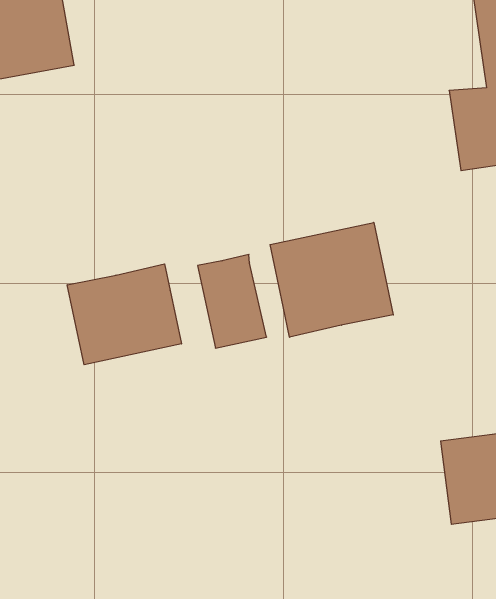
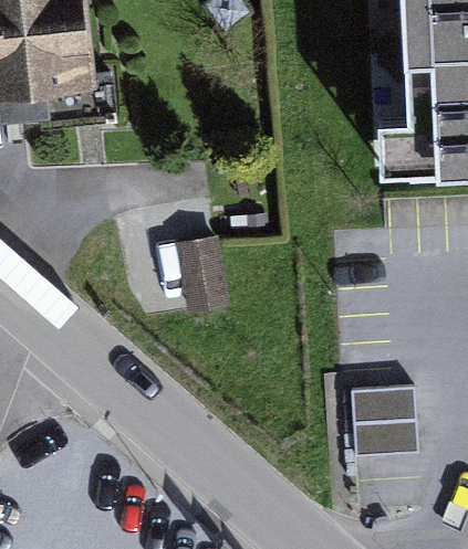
building: [270,222,393,337] -> none
building: [67,264,181,365] -> none

